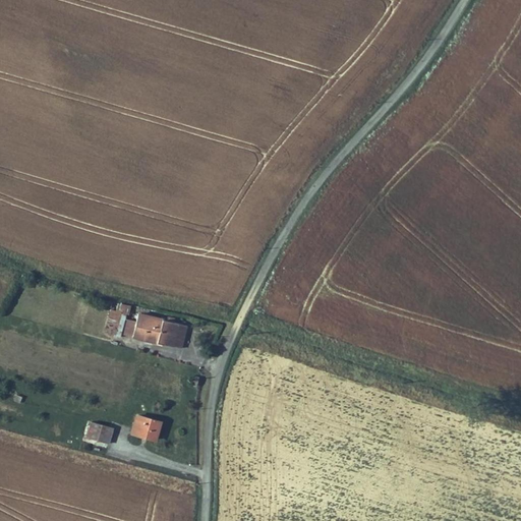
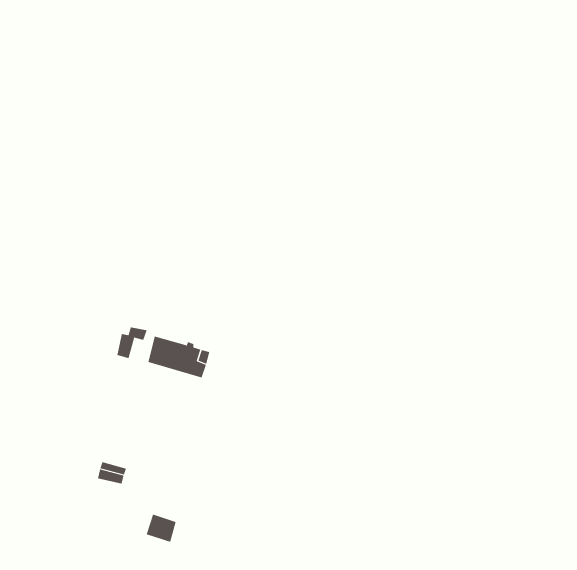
building: [132,415,160,441] -> [146,514,177,542]

